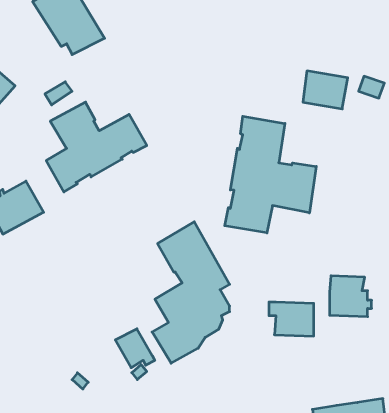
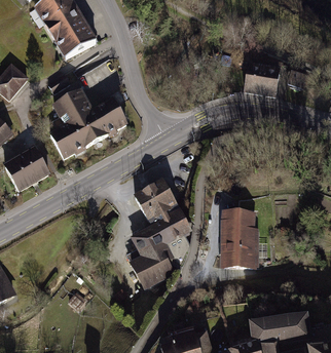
building: [225,116,316,233] -> none
building: [330,276,372,317] -> [224,211,256,242]
building: [115,329,155,368] -> none

